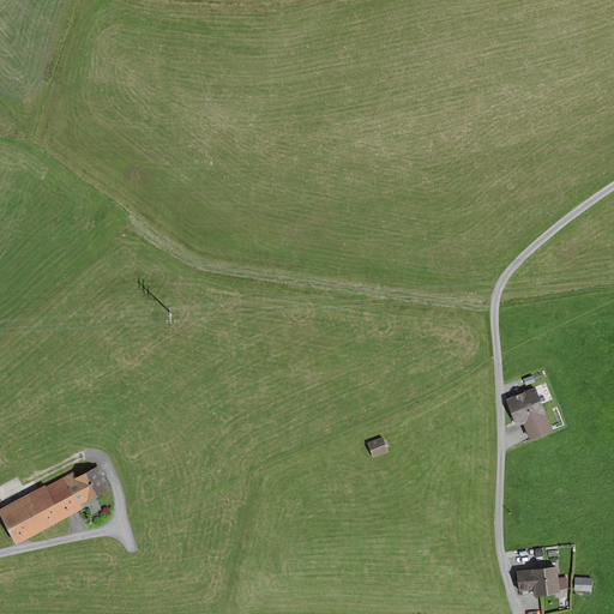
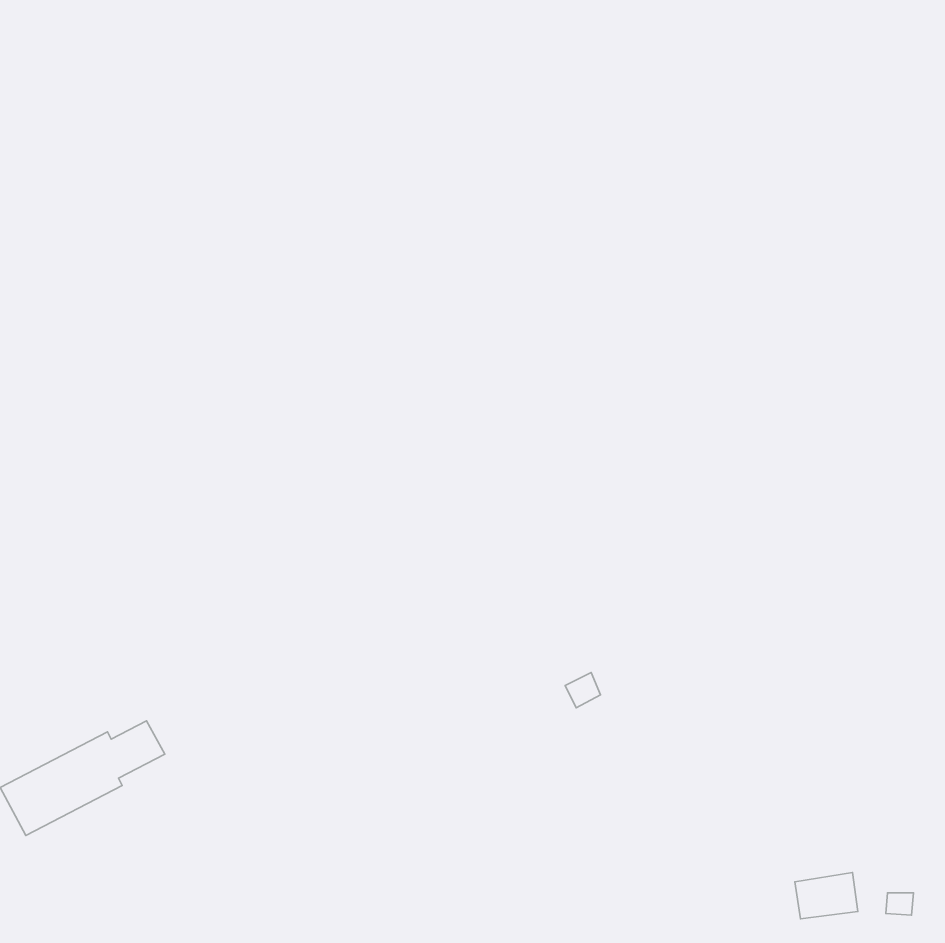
building: [504,386,547,427] -> none

